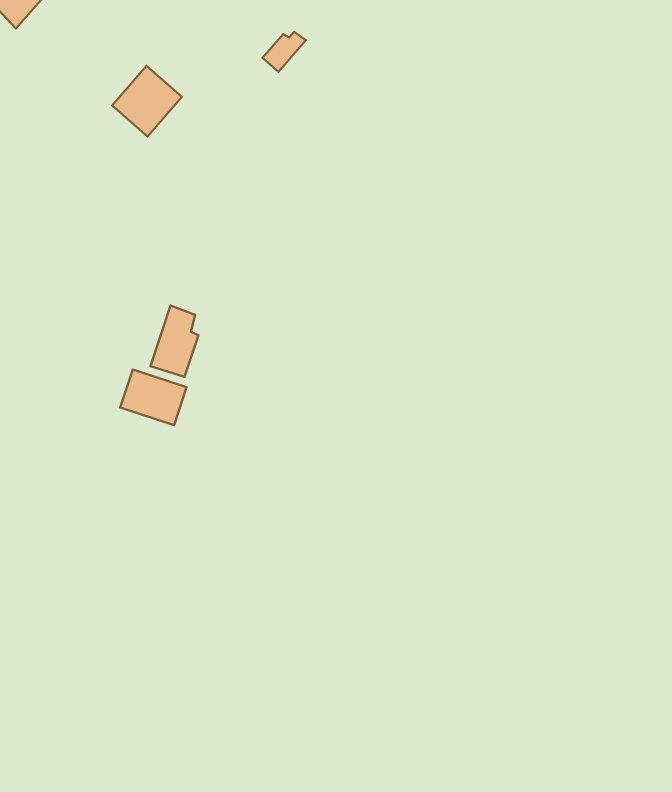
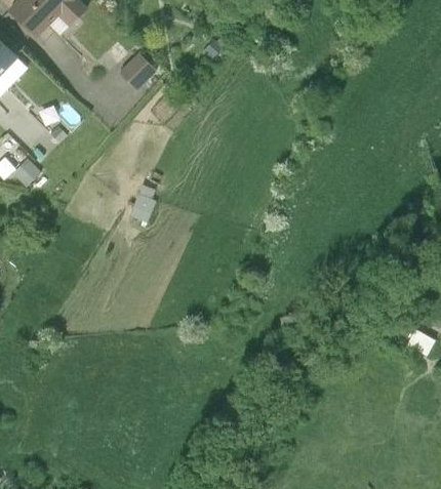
building: [120,369,187,425] -> none

